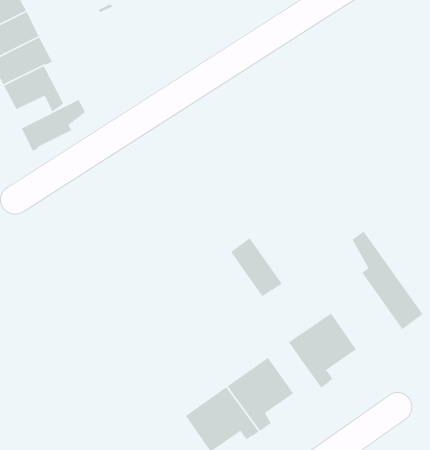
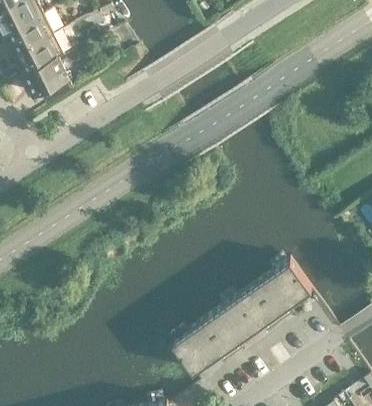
building: [21,99,86,152] -> none
building: [351,231,423,330] -> none
building: [230,237,283,297] -> [239,284,282,333]

